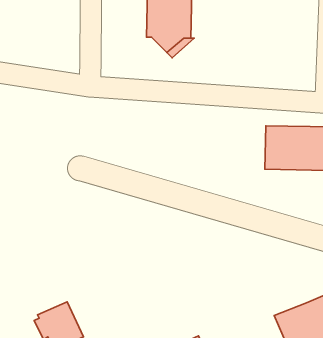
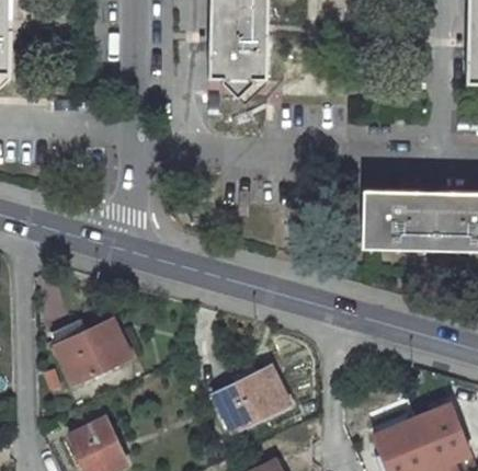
building: none -> [57,318,133,383]
building: none -> [214,366,291,434]

